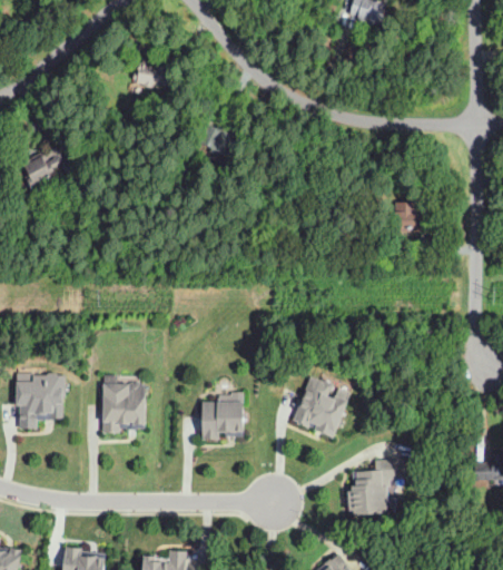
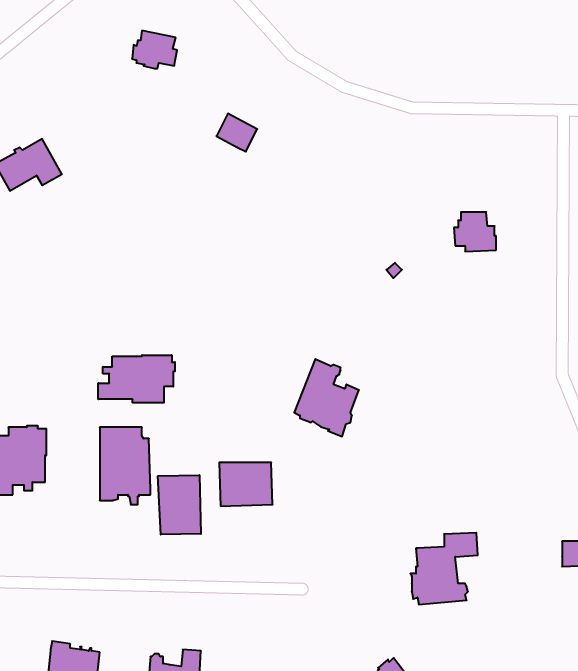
building: none -> [98,355,175,403]
building: [293,375,344,436] -> [294,359,359,437]
building: none -> [158,475,201,535]

